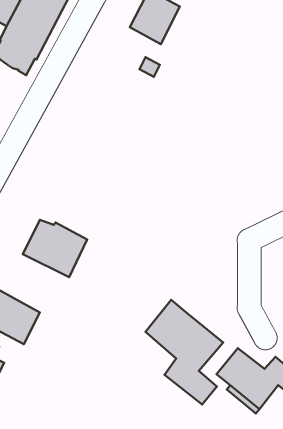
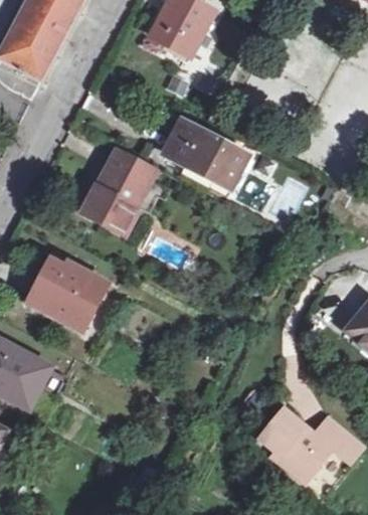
building: none -> [167,119,246,189]
building: none -> [83,148,156,228]
building: [145,300,223,404] -> none

